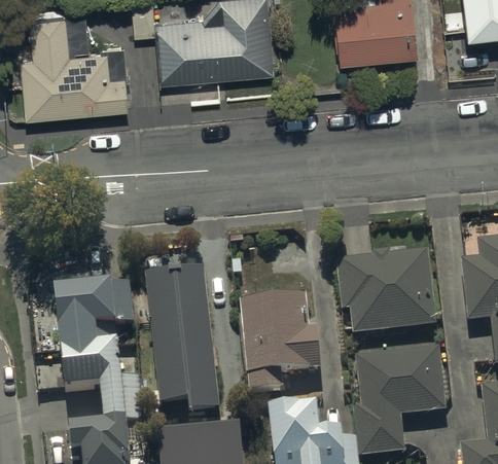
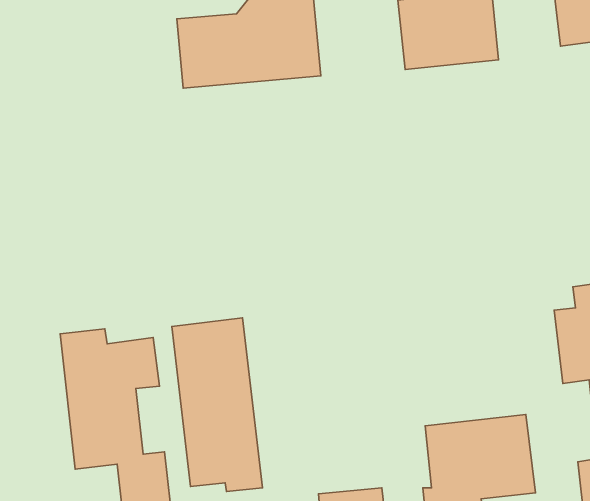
building: [19,7,126,109] -> none
building: [336,250,436,333] -> none
building: [236,293,318,392] -> none

